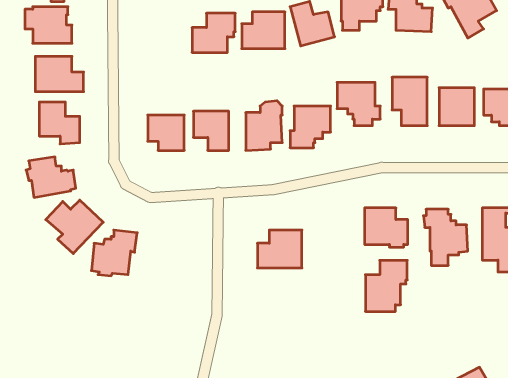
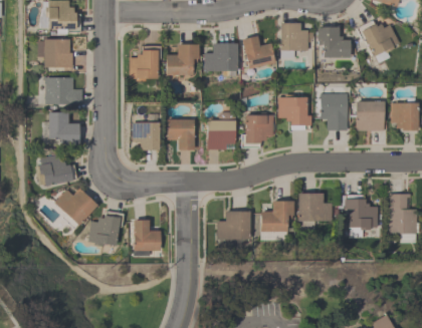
building: none -> [129,46,161,81]
building: none -> [133,220,160,251]
building: [365,260,407,311] -> [261,201,293,240]

